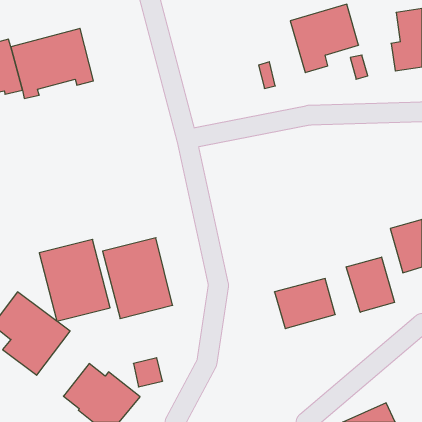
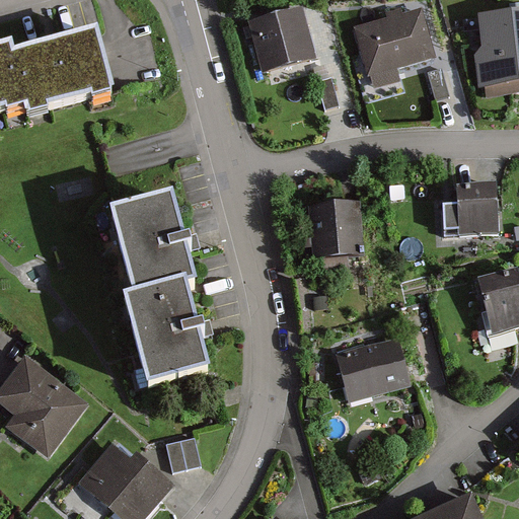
building: none -> [248,8,315,71]
building: none -> [455,184,501,247]
building: none -> [306,201,366,260]
building: [39,239,110,321] -> [114,201,200,300]
building: [346,257,394,312] -> none

